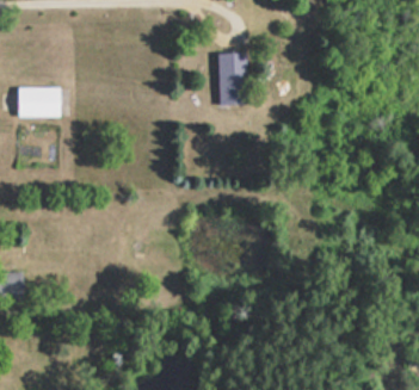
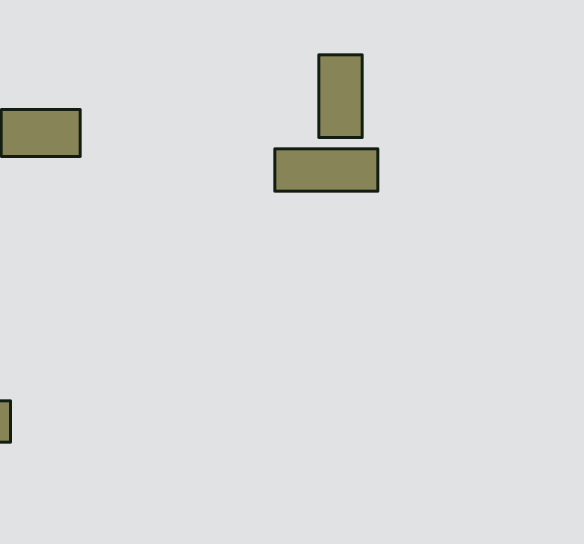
building: none -> [275,149,378,191]

